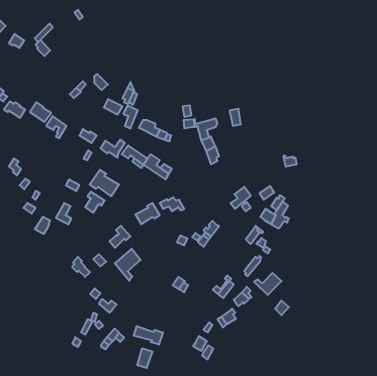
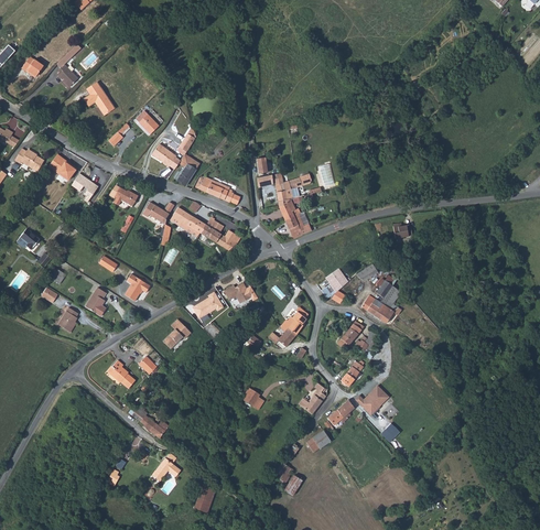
building: none -> [83,84,112,116]
building: [90,170,119,196] -> none
building: [115,249,141,281] -> none
building: [134,326,163,345] -> none

